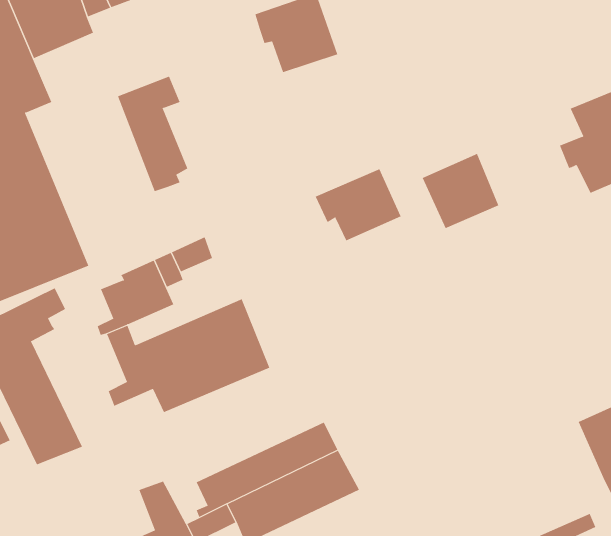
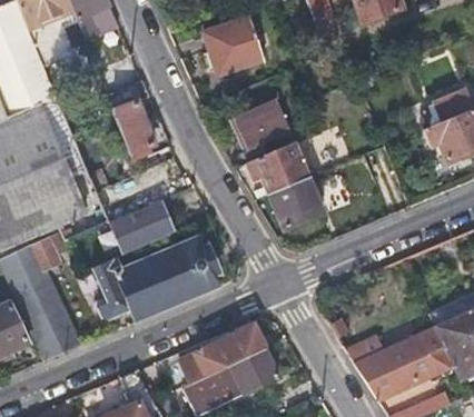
building: none -> [236,98,290,156]
building: [422,153,499,229] -> [270,178,326,232]
building: none -> [355,326,455,400]

